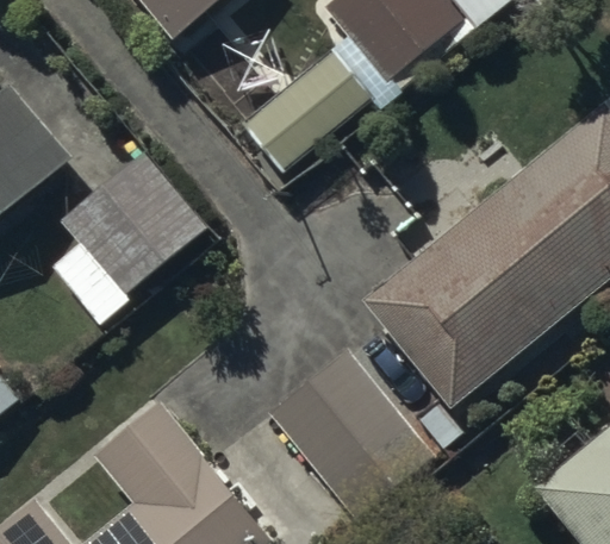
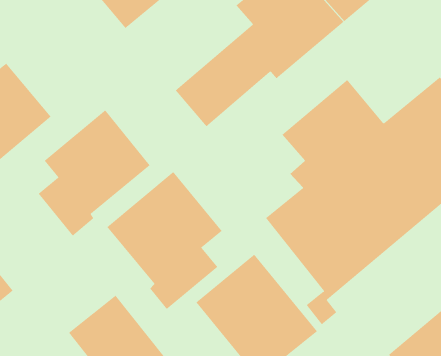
building: none -> [106,171,222,310]

